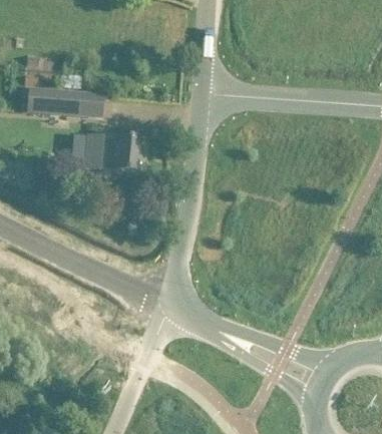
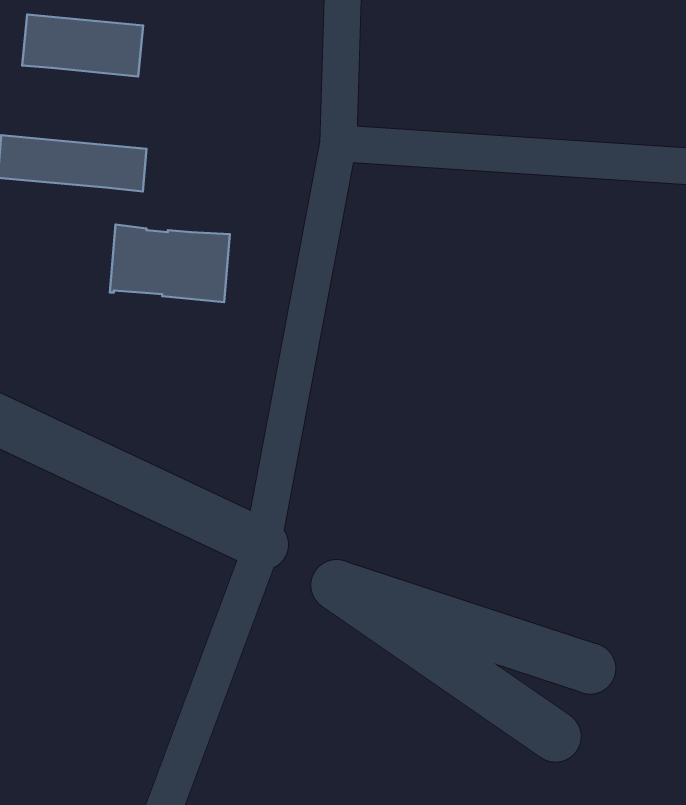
building: none -> [22,15,143,76]

